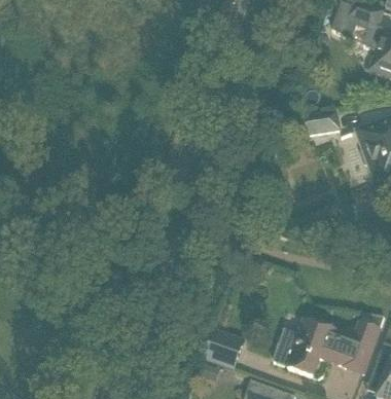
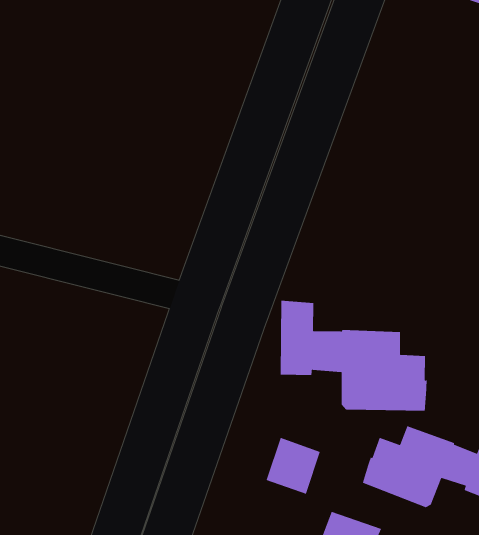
building: [297,109,339,134] -> none
building: none -> [280,300,428,412]

